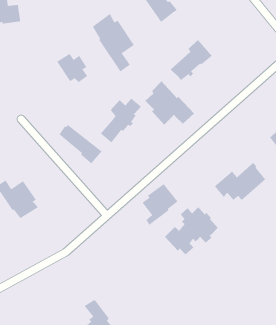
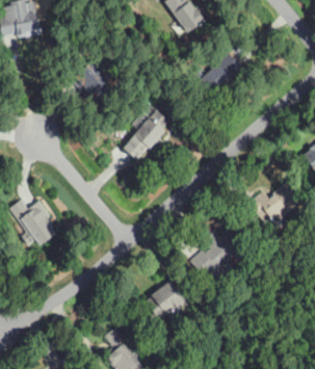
building: [92,13,135,73] -> none
building: [144,81,195,126] -> none
building: [58,124,102,165] -> none
building: [142,183,178,226] -> [145,280,184,325]

